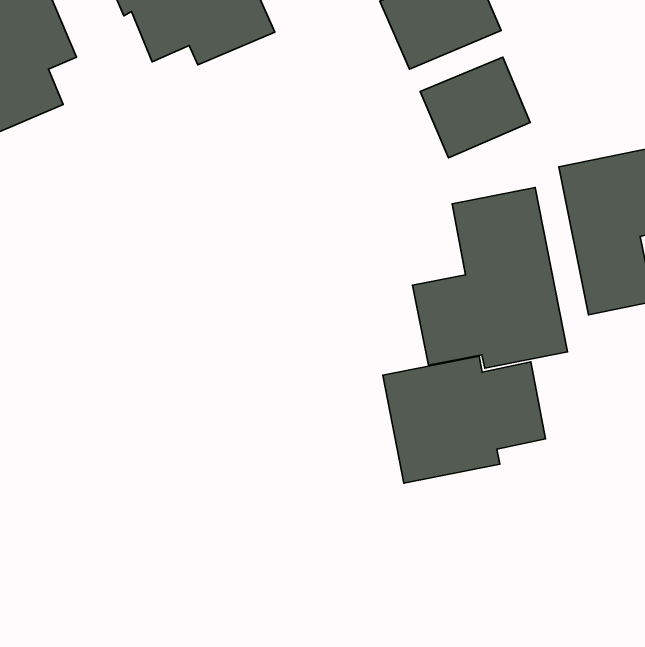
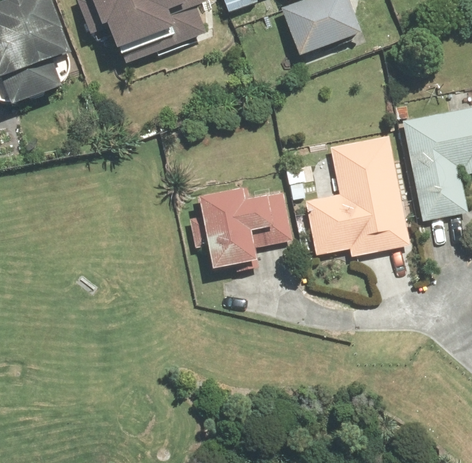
building: [420,57,530,158] -> none
building: [383,356,546,483] -> [183,184,293,270]

